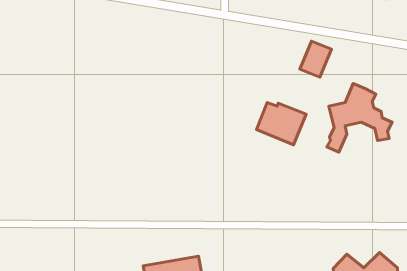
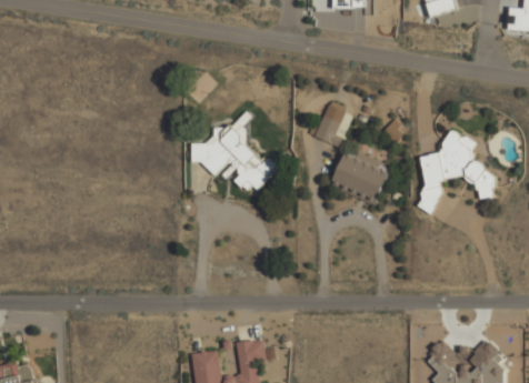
building: [300,41,332,77] -> [315,102,353,147]
building: none -> [191,110,278,188]

